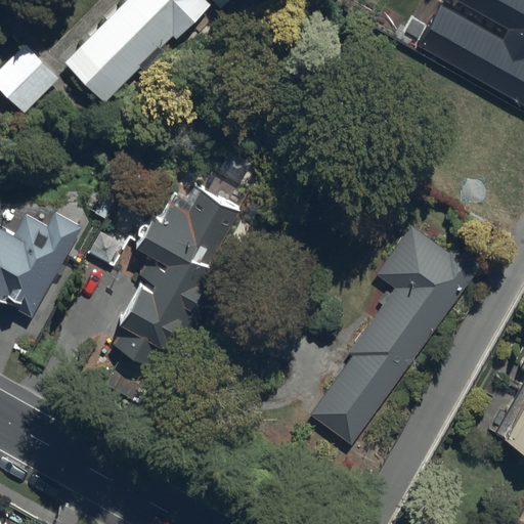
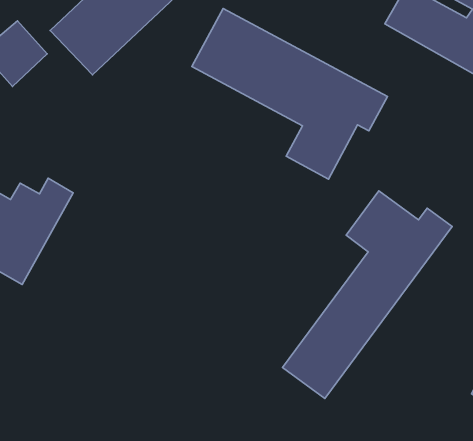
building: none -> [192,9,387,179]
building: [106,174,246,383] -> none

